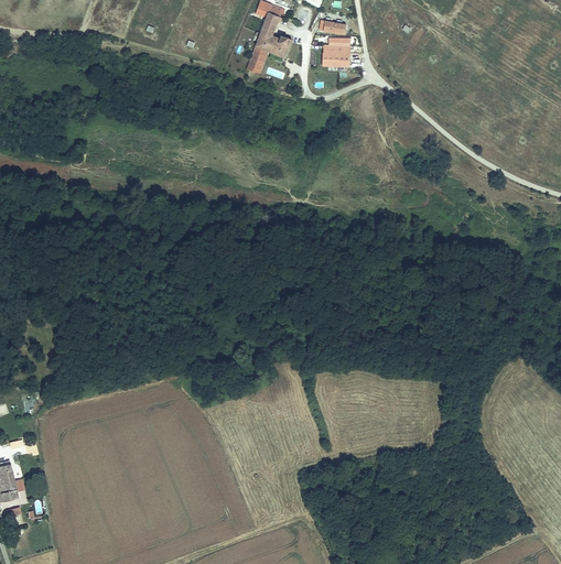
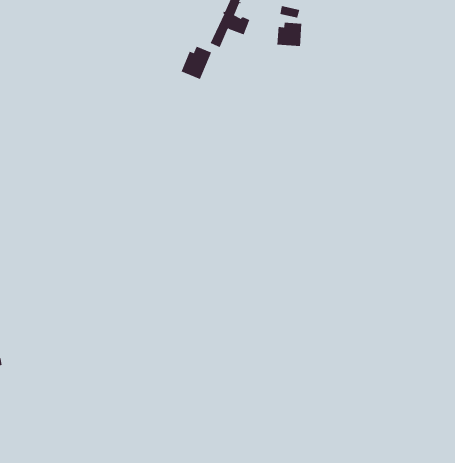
building: none -> [181,46,212,80]

